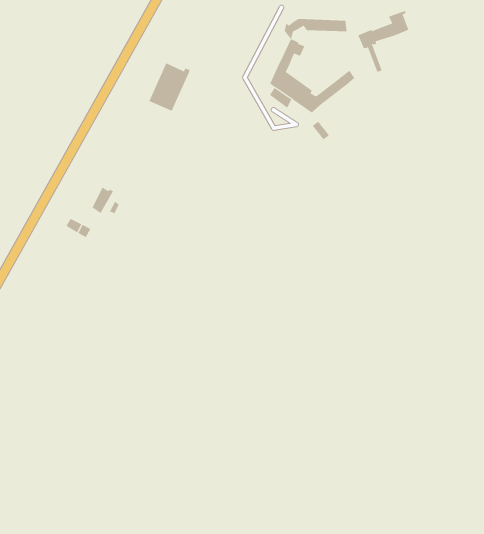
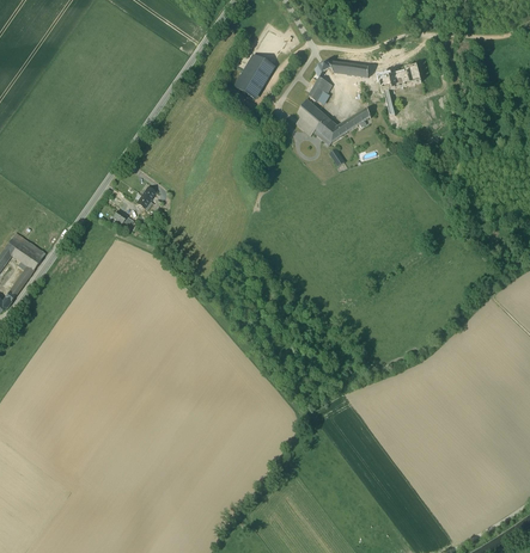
building: [149,63,191,111] -> [234,55,273,97]

